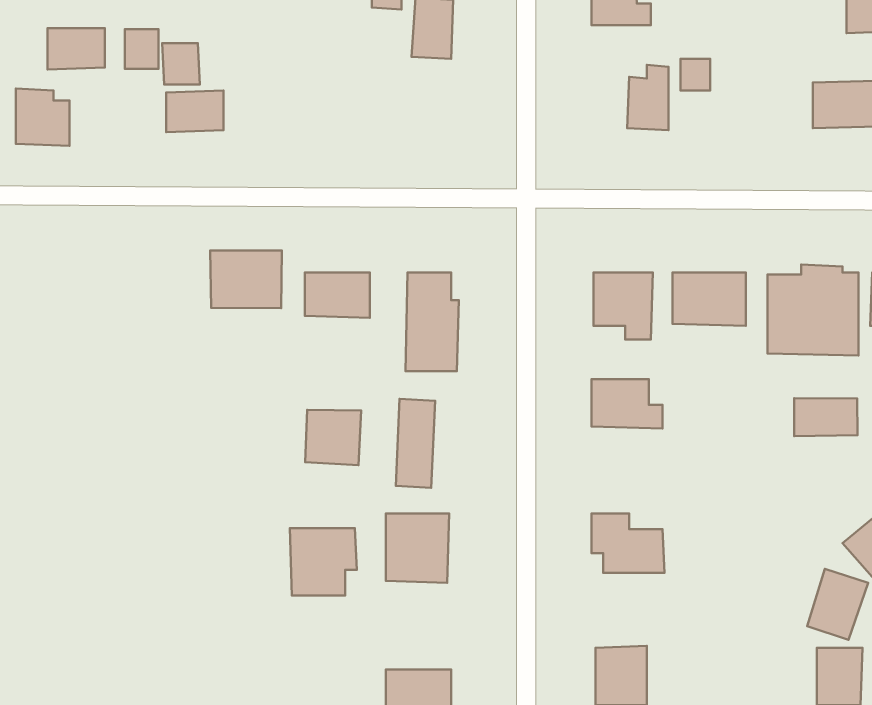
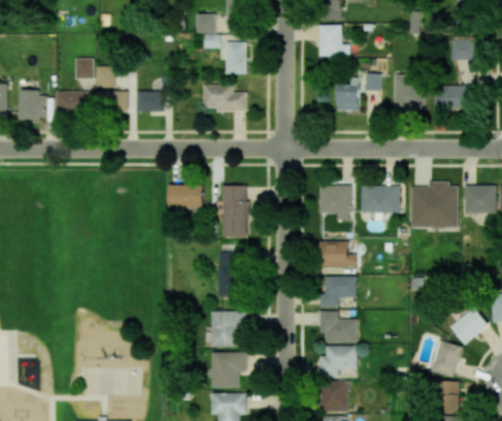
building: [47,28,105,70] -> [56,92,86,114]
building: none -> [394,75,425,111]
building: none -> [204,86,246,112]
building: none -> [135,92,164,112]
building: [210,250,282,308] -> none
building: [794,398,858,436] -> none
building: [305,410,361,465] -> none
building: none -> [320,277,356,307]
building: [290,528,357,596] -> [210,353,245,388]
building: none -> [320,346,357,378]

